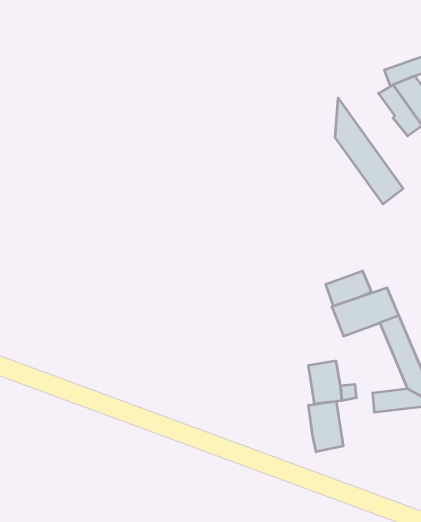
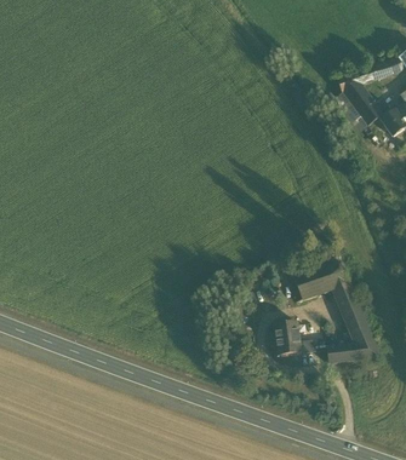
building: [335,98,403,204] -> none
building: [326,271,372,306] -> none
building: [309,401,343,452] -> none

